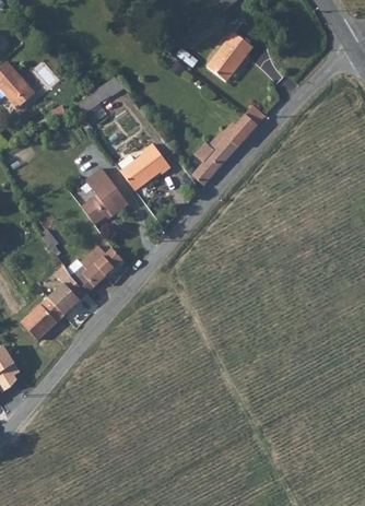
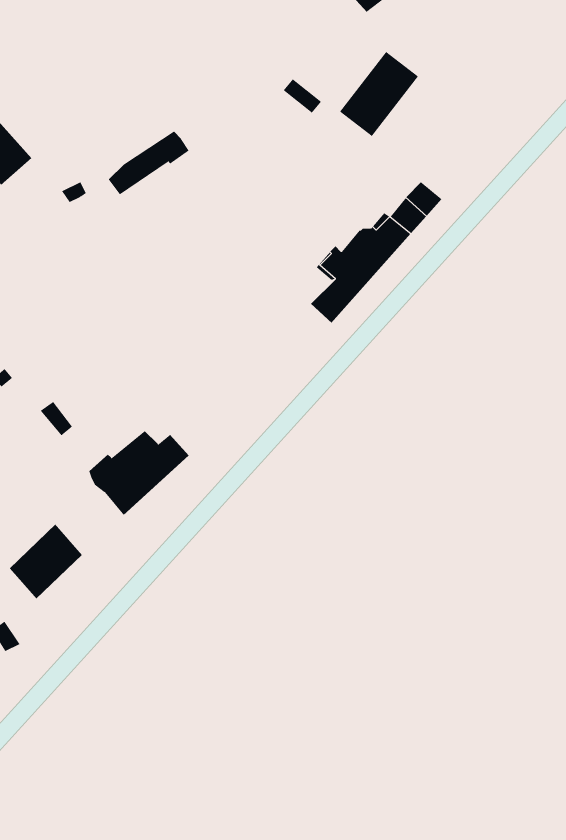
building: [120,143,170,190] -> none
building: [81,167,129,224] -> none
building: [48,271,86,315] -> none

